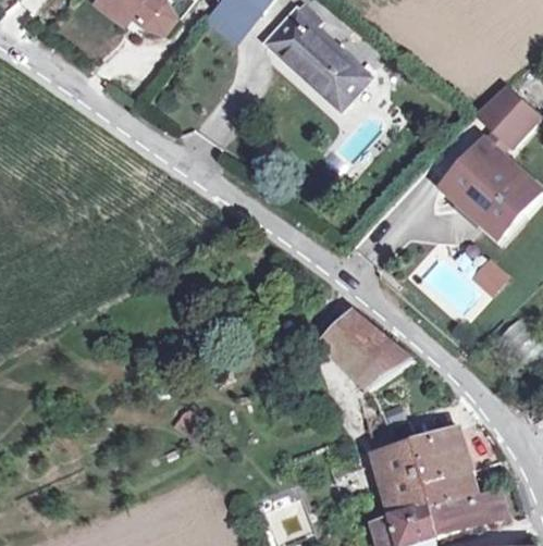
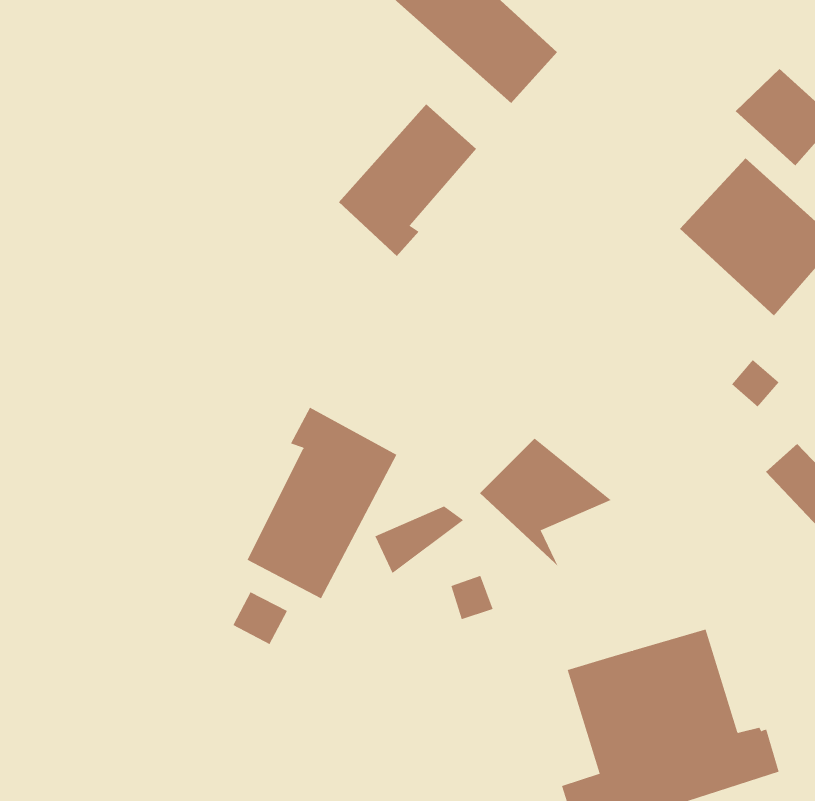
building: none -> [338,104,477,257]
building: none -> [247,407,397,599]
building: [356,348,410,389] -> [374,506,464,574]

